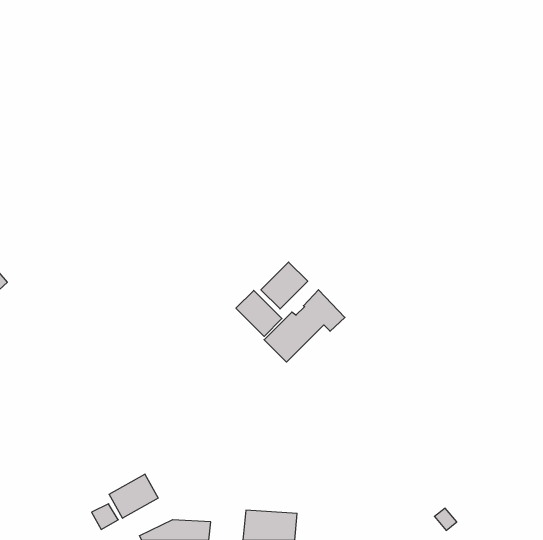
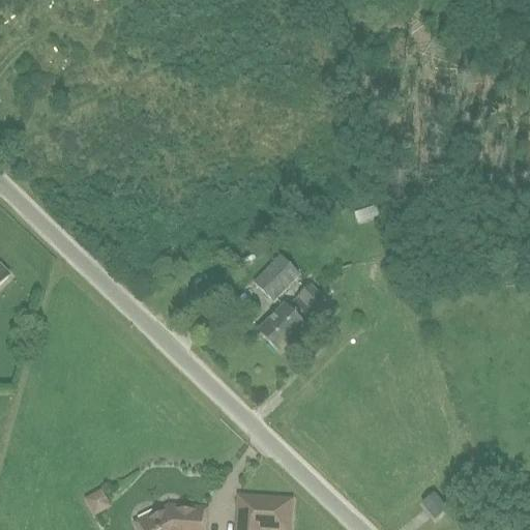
building: [236,290,282,336] -> none
building: [109,474,158,518] -> none

